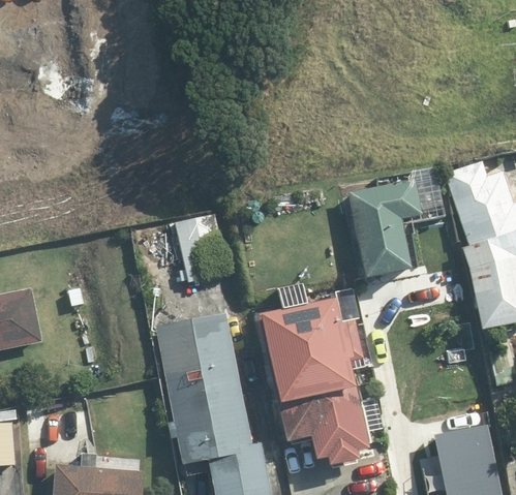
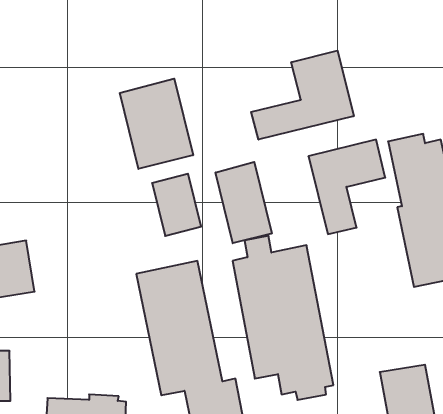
building: none -> [251,51,354,140]
building: none -> [120,79,193,169]
building: none -> [216,162,272,243]

